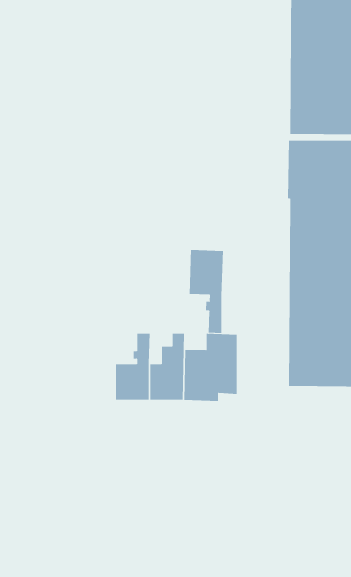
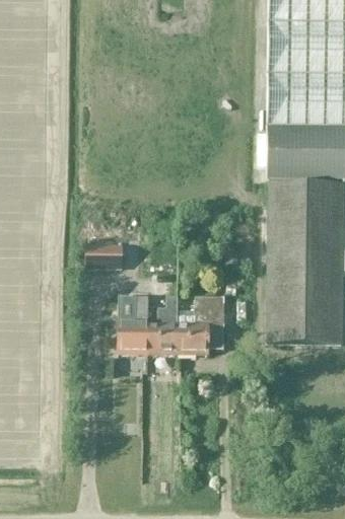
building: [189,249,223,334] -> none
building: none -> [85,244,119,267]

